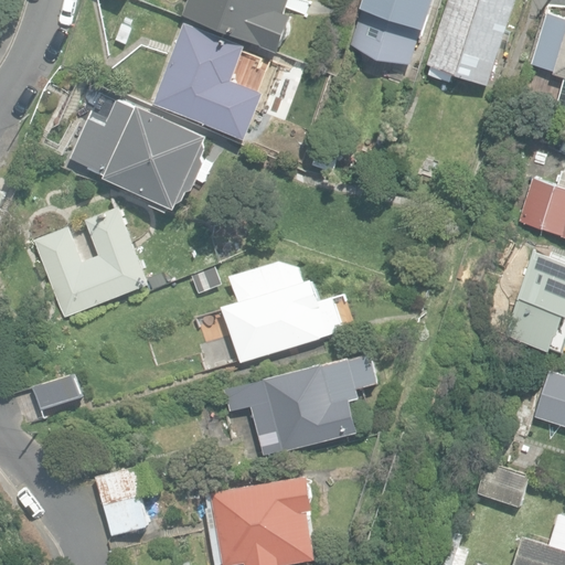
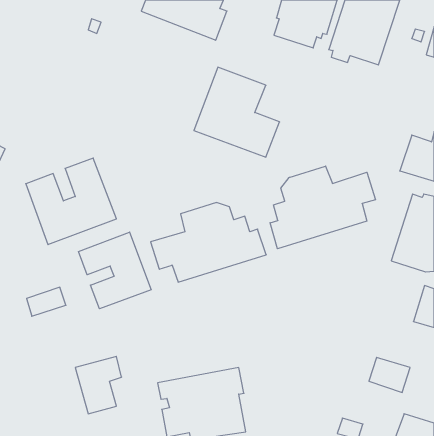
building: [152,22,263,138] -> [194,67,280,157]
building: [71,102,209,212] -> none
building: none -> [270,166,375,249]
building: none -> [78,232,151,309]
building: [224,352,380,454] -> none

